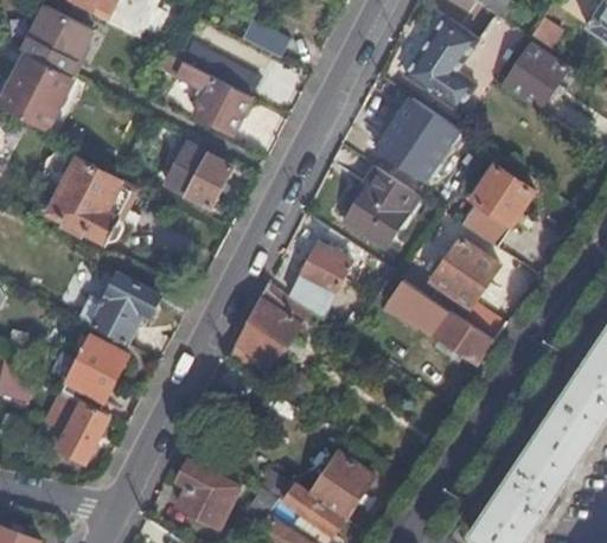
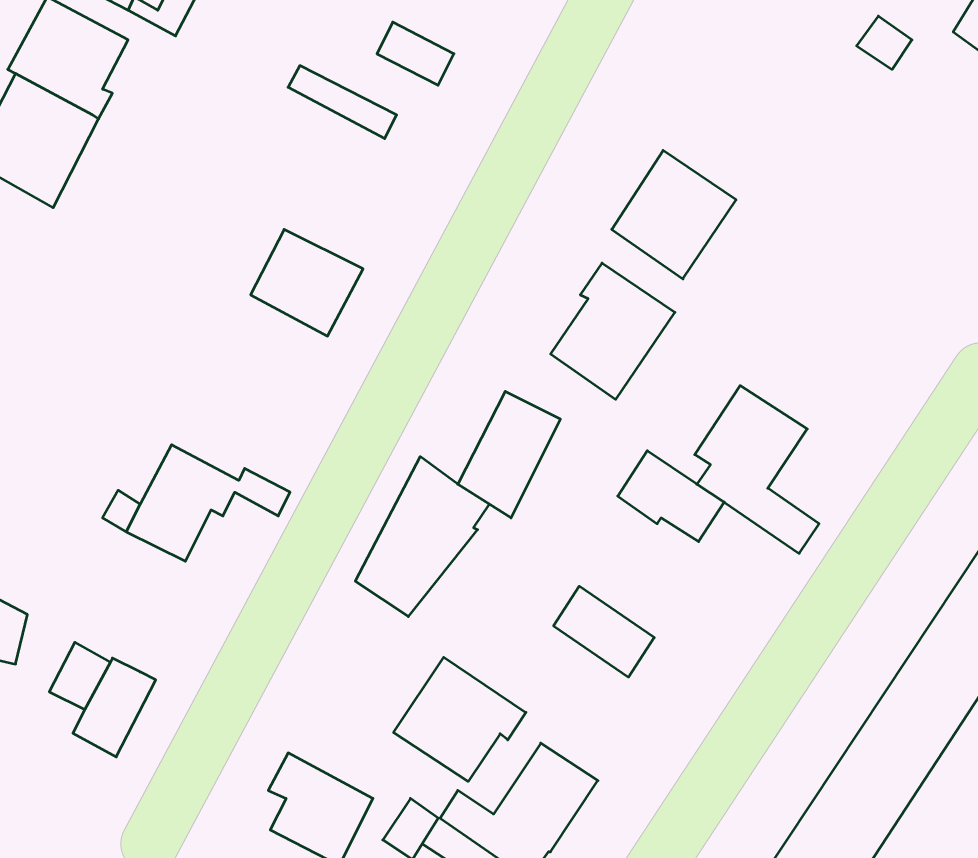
building: [404,15,477,109] -> none
building: [503,41,568,109] -> none
building: [156,51,251,134] -> none
building: [49,160,134,242] -> none
building: [468,165,535,247] -> none
building: [434,308,494,363] -> [554,586,654,677]
building: [62,336,128,410] -> none
building: none -> [394,657,526,781]

